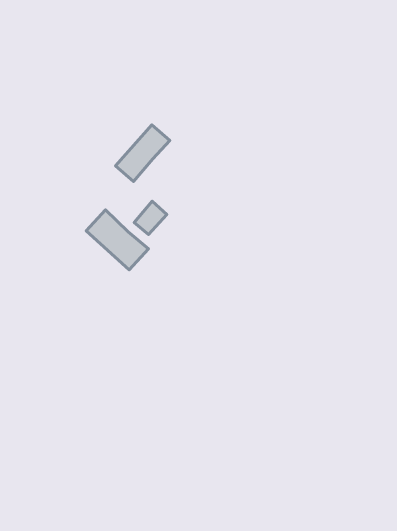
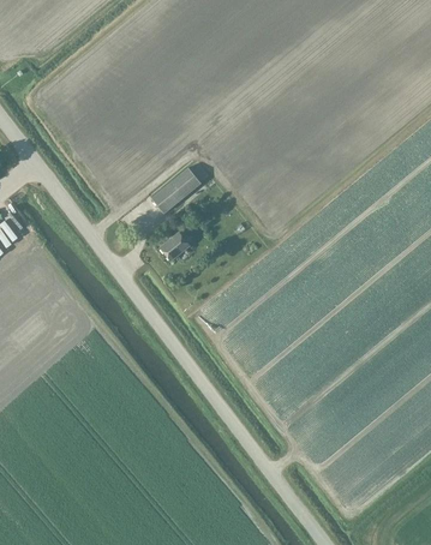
building: [86,210,149,270] -> none

